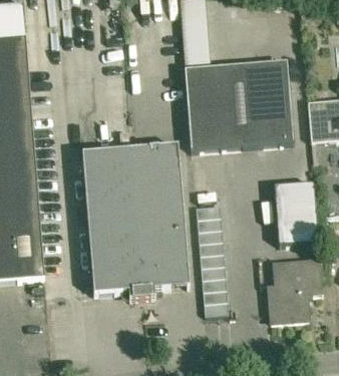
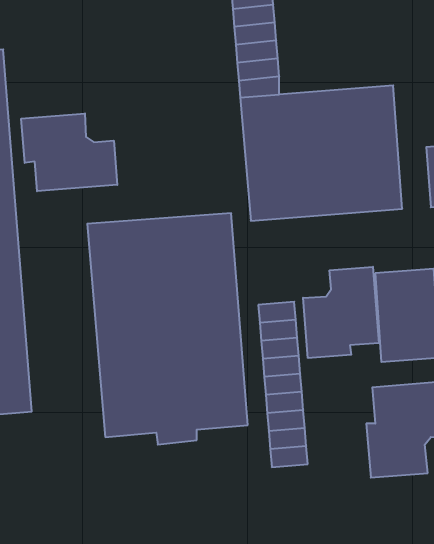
building: none -> [21,113,117,191]
building: none -> [303,267,379,358]

